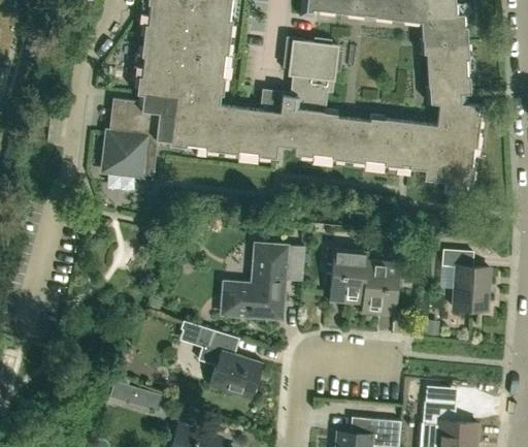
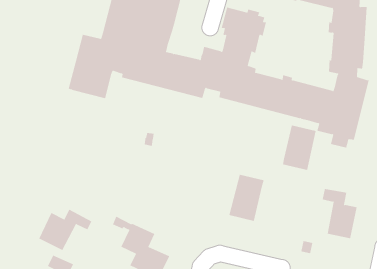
building: [231,243,305,319] -> none
building: [362,260,399,315] -> [282,125,317,171]
building: none -> [38,209,92,251]

